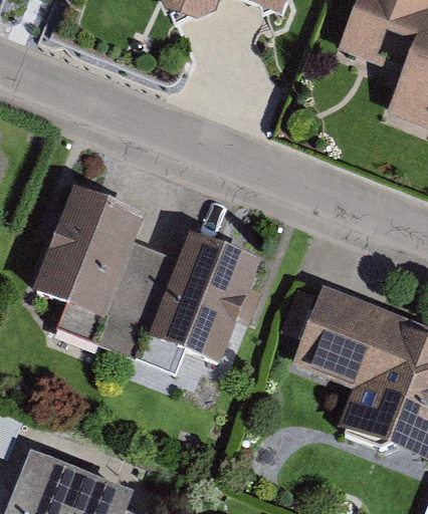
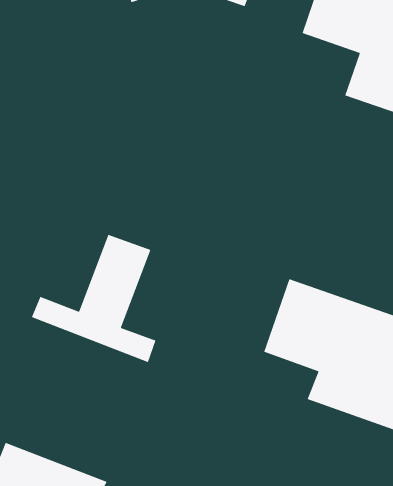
building: [34,187,148,320] -> none
building: [151,233,262,364] -> none

